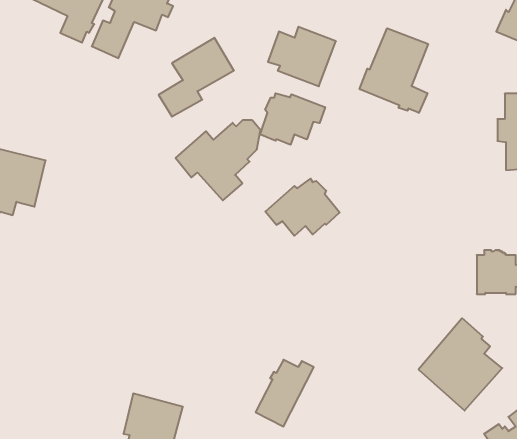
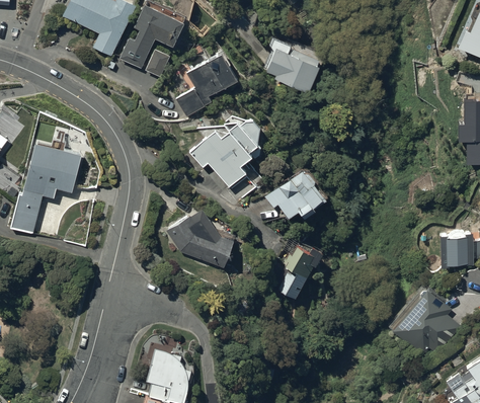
building: [360,28,428,113] -> none
building: none -> [145,49,170,77]
building: [260,93,325,145] -> none
building: none -> [166,209,236,268]
building: [256,360,314,427] -> [273,244,322,300]

